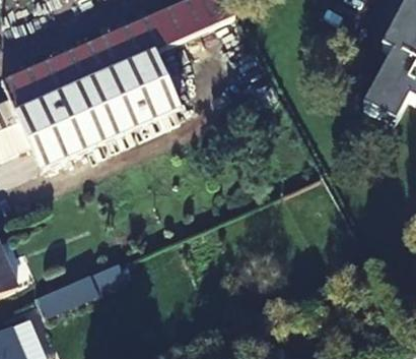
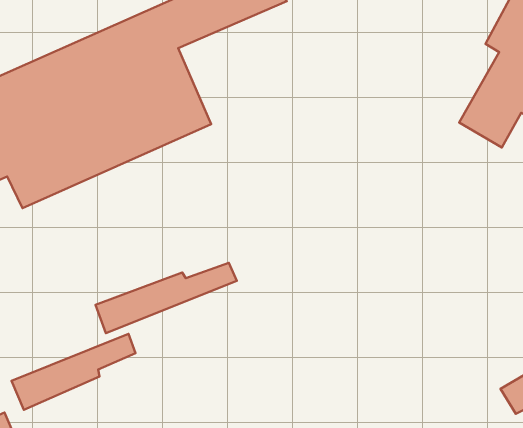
building: none -> [95,263,237,333]

